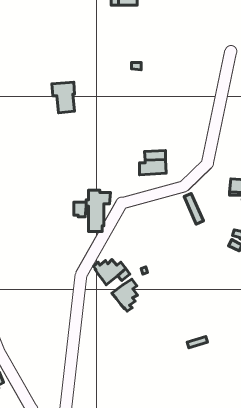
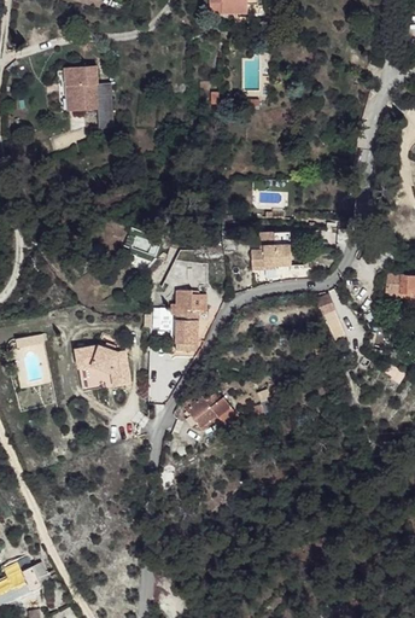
building: [52,82,75,113] -> [64,65,98,111]
building: none -> [76,345,130,391]
building: [112,279,137,311] -> none

